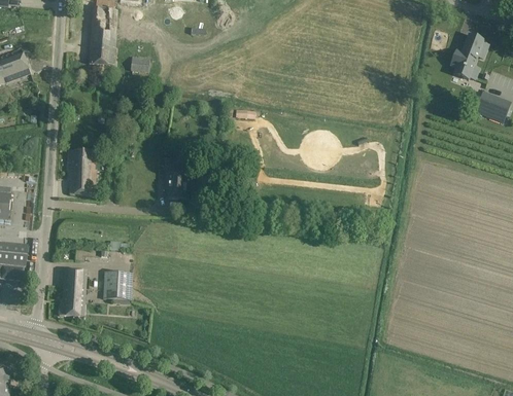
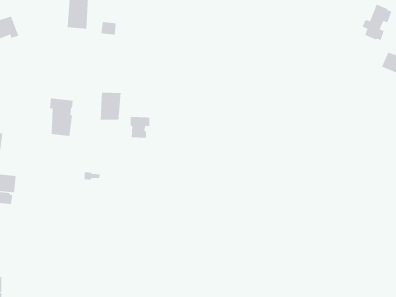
building: none -> [100,92,121,121]
building: [58,268,86,316] -> none
building: [103,272,132,302] -> none

